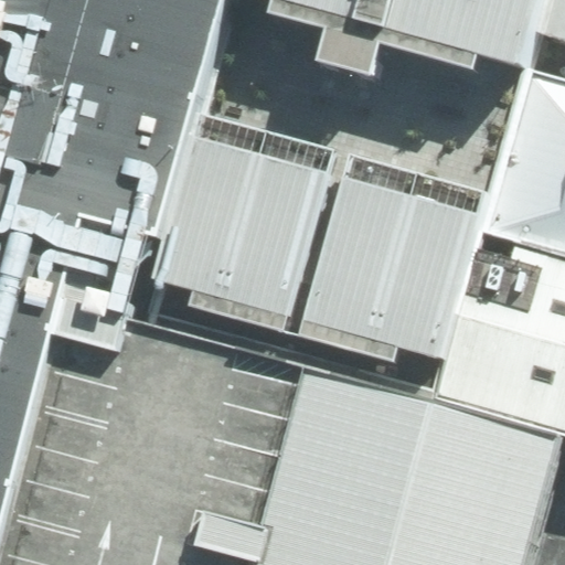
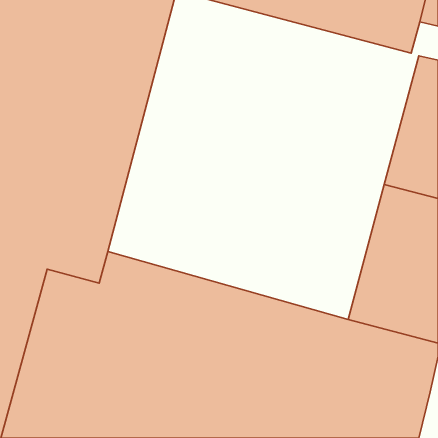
building: [156,132,333,333] -> none
building: [301,171,480,375] -> none

